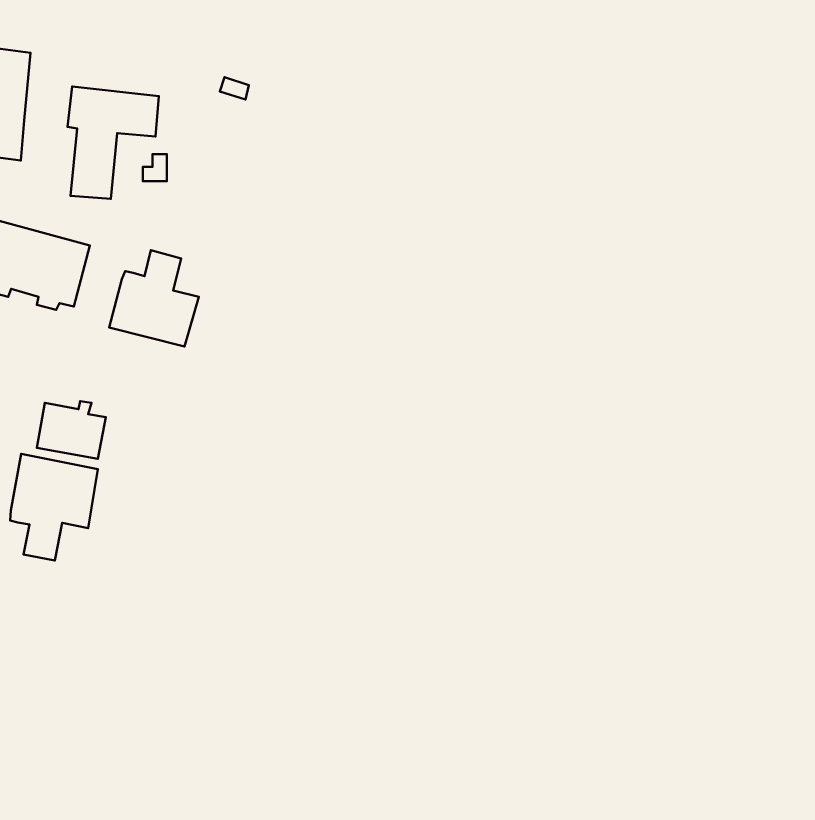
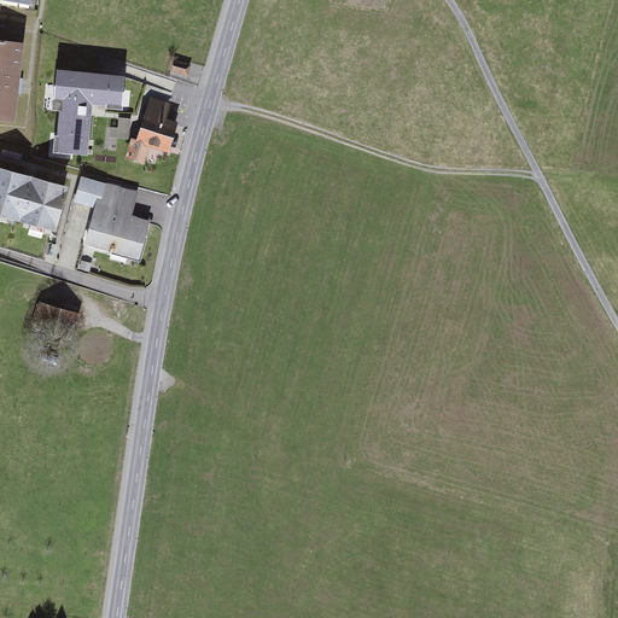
building: none -> [122,99,177,165]
building: none -> [72,180,105,210]
building: [10,454,98,560] -> none

